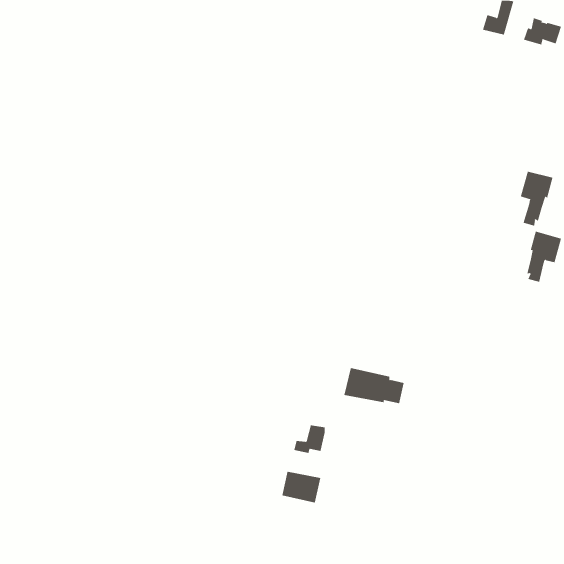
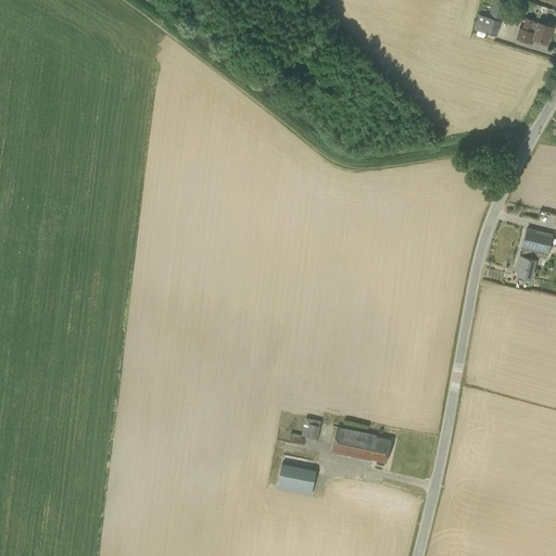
building: [520,171,553,226] -> none
building: [344,368,404,404] -> [331,426,391,462]

